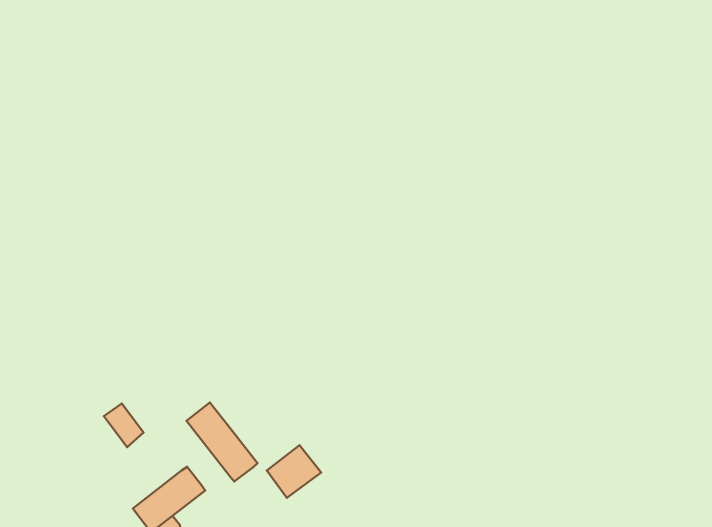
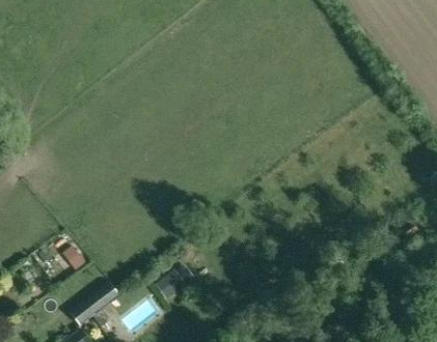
building: [187,403,258,481] -> none

